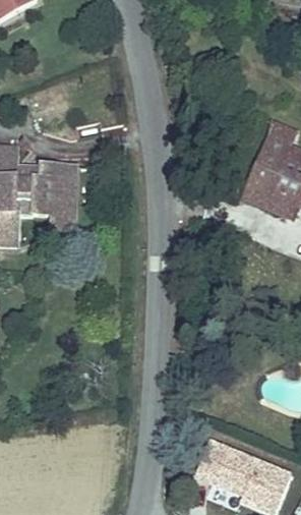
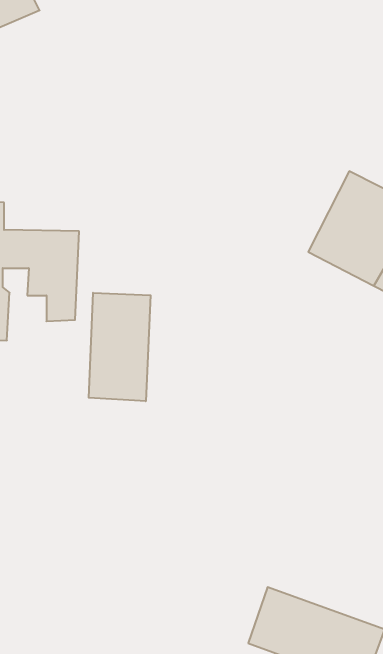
building: none -> [89,293,151,401]

